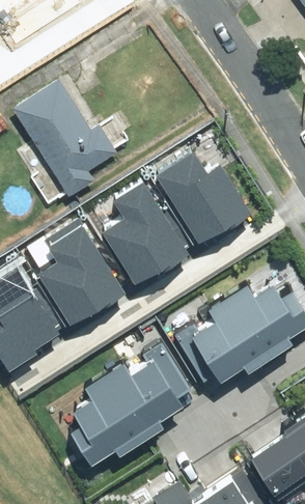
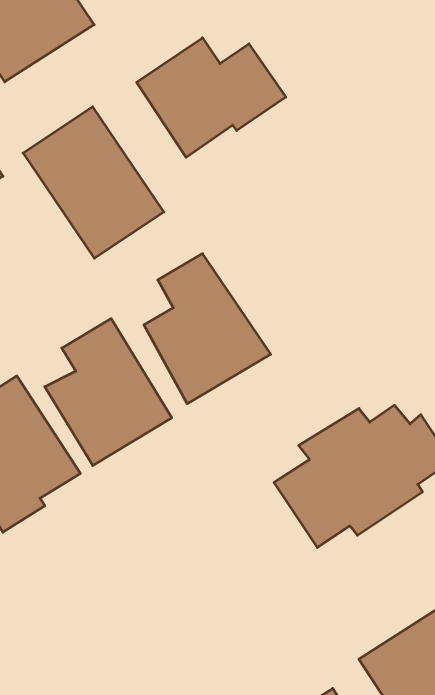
building: none -> [137,38,286,157]
building: [154,151,248,245] -> none
building: [70,362,181,464] -> none

